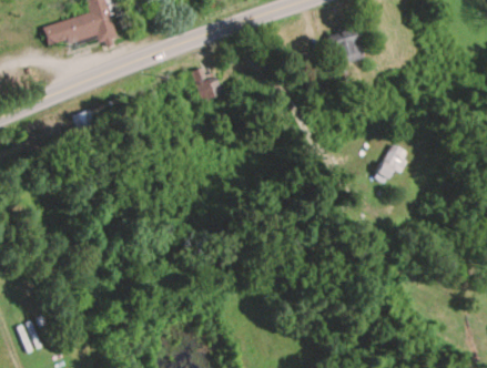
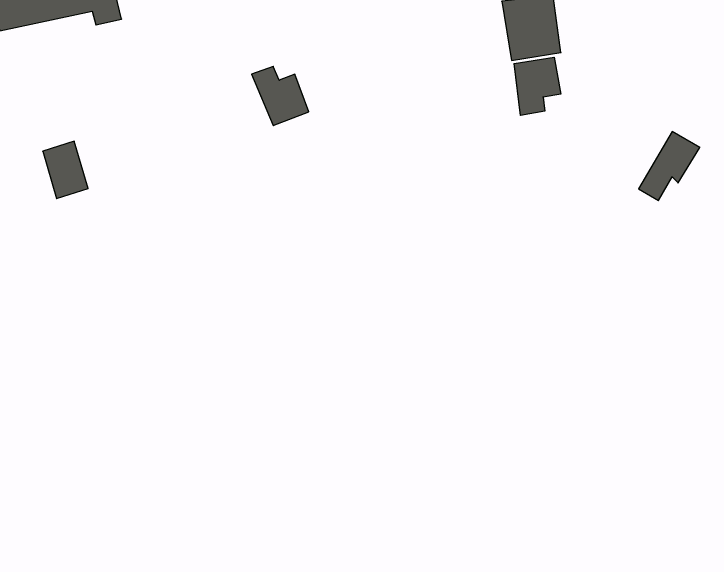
building: none -> [514,57,561,115]
building: [374,144,408,183] -> [639,132,700,201]

